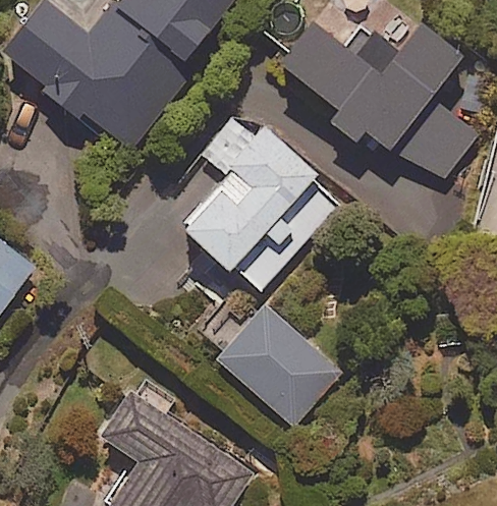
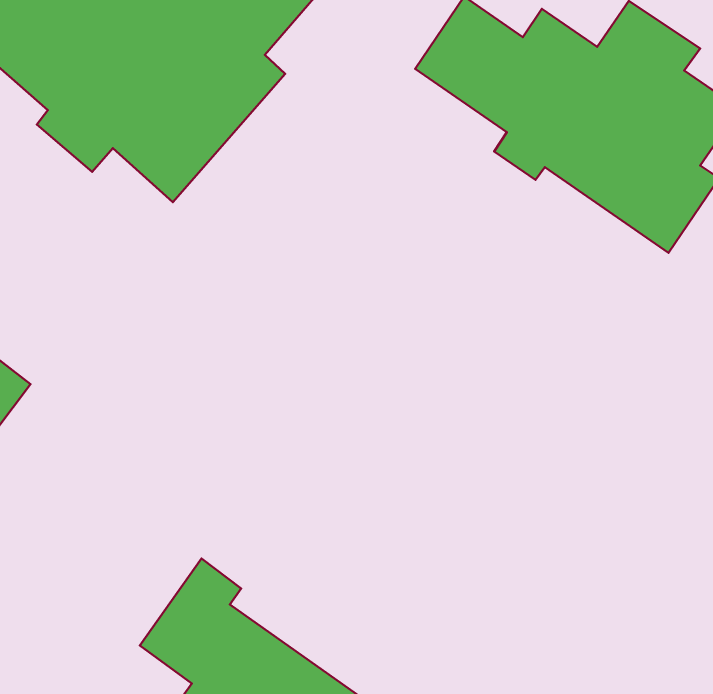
building: [183,122,346,292] -> none
building: [216,303,340,426] -> none

